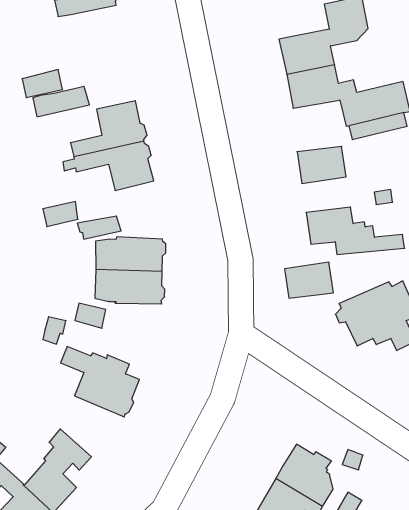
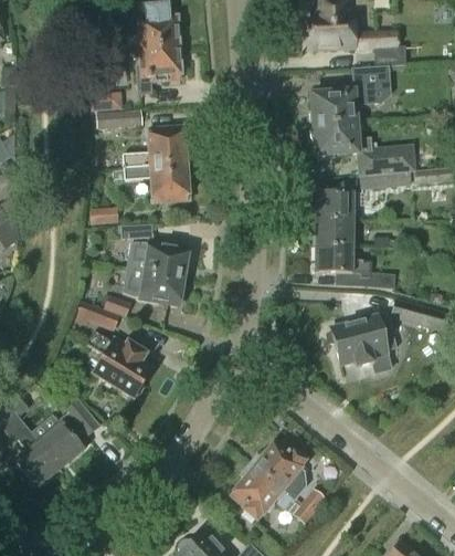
building: none -> [136,44,181,94]
building: [285,262,333,298] -> [314,220,352,246]

